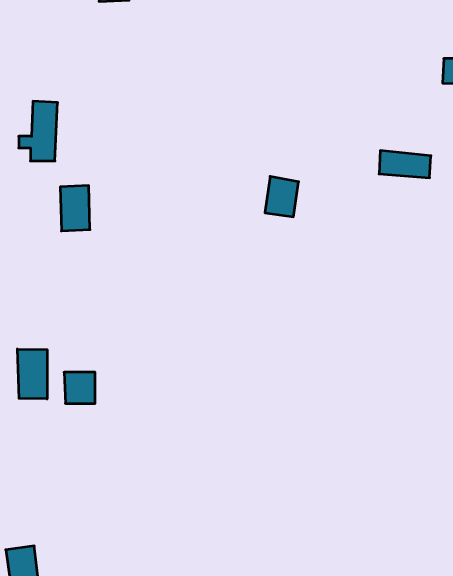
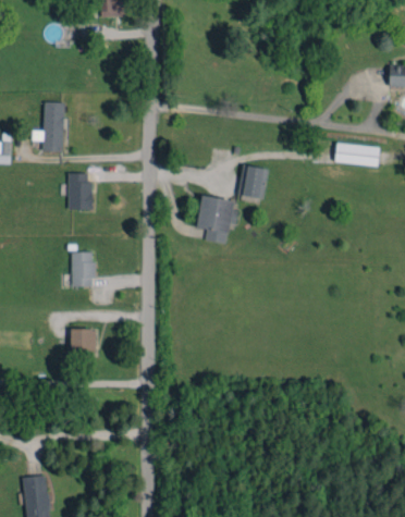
building: none -> [197,196,237,245]
building: none -> [72,253,95,287]
building: [17,349,47,399] -> none

